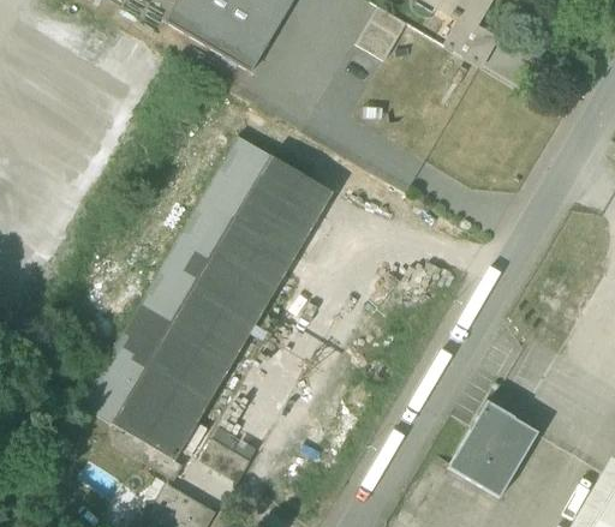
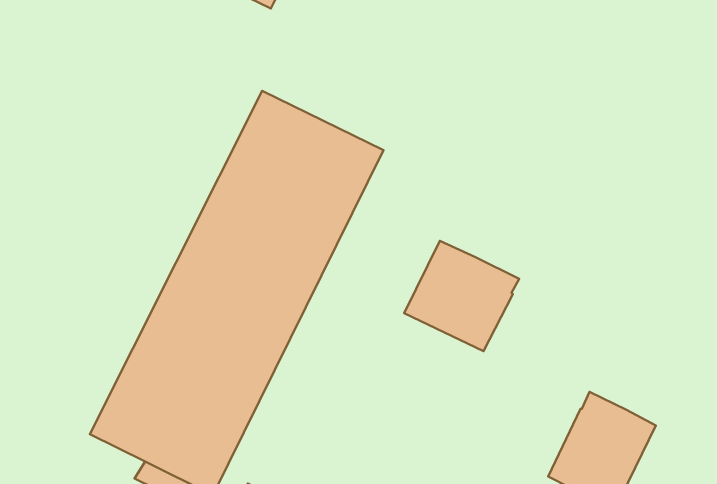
building: none -> [404,241,519,351]

